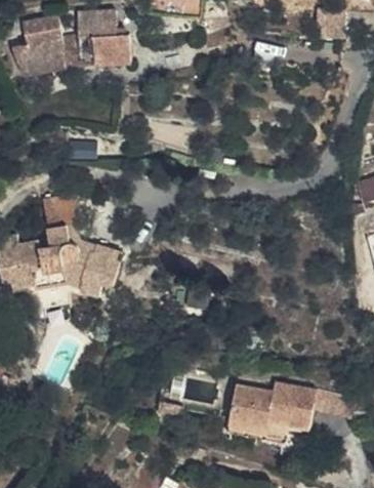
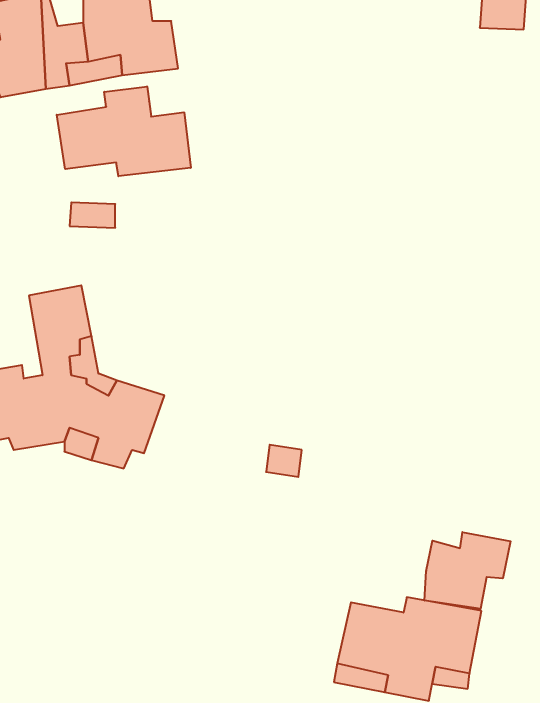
building: none -> [57,86,191,176]
building: none -> [425,532,511,609]

